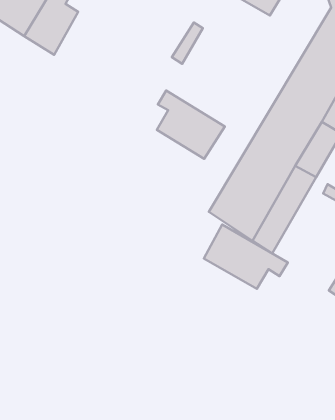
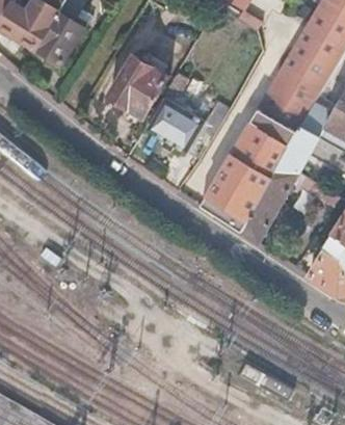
building: none -> [110,53,168,113]
building: [204,225,288,289] -> none

